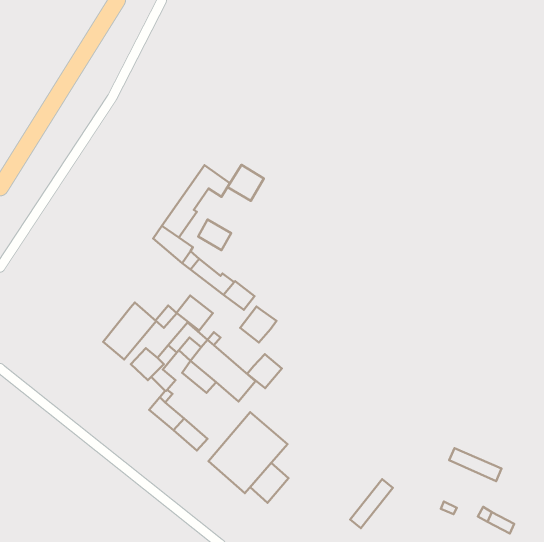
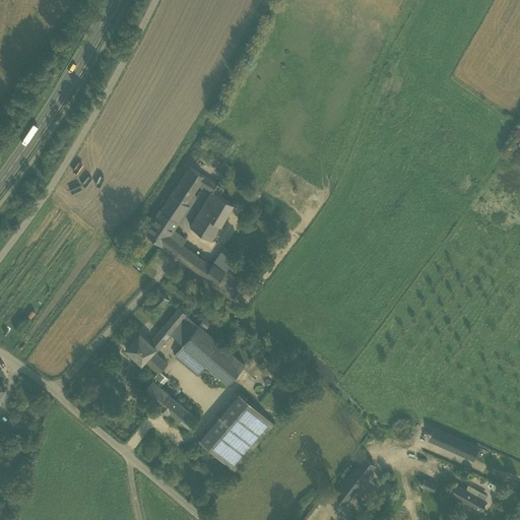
building: [228,165,264,201] -> [198,190,233,224]
building: [176,296,213,330] -> none
building: [103,303,156,360] -> none
building: [240,307,277,342] -> none
building: [247,354,282,388] -> none
building: [250,463,288,503] -> none

